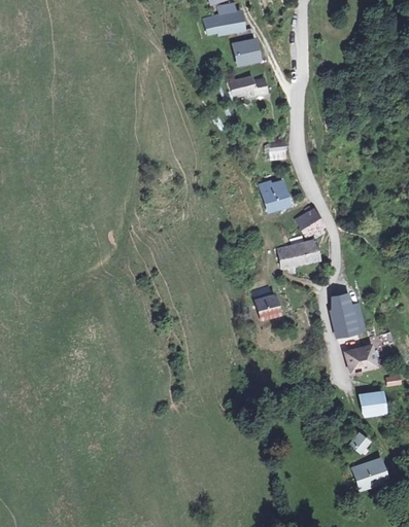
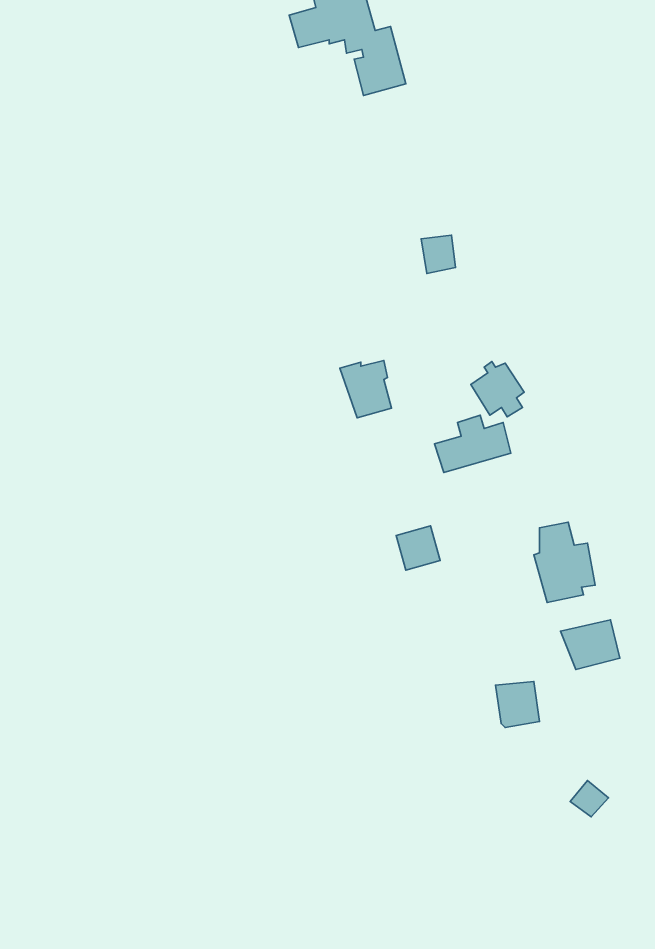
building: [227,74,267,98] -> none
building: [261,177,288,208] -> [340,360,391,418]
building: [361,393,384,418] -> [495,681,539,727]
building: [351,458,387,491] -> none

